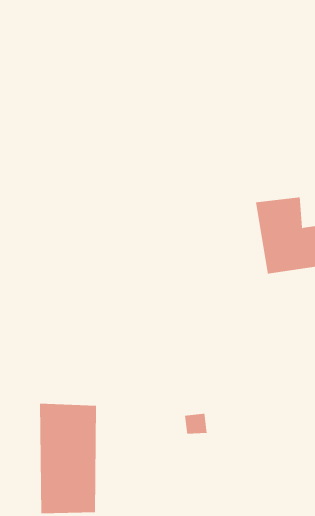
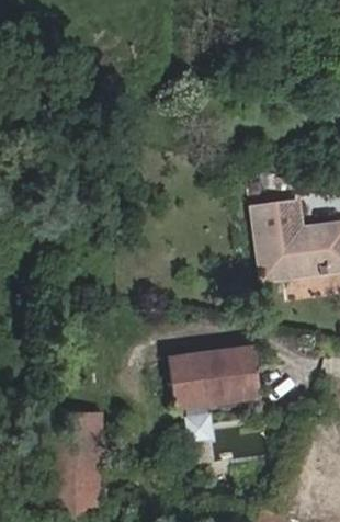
building: none -> [166,348,257,409]

